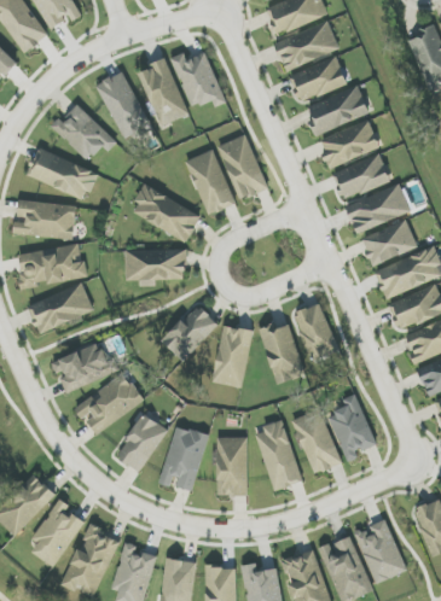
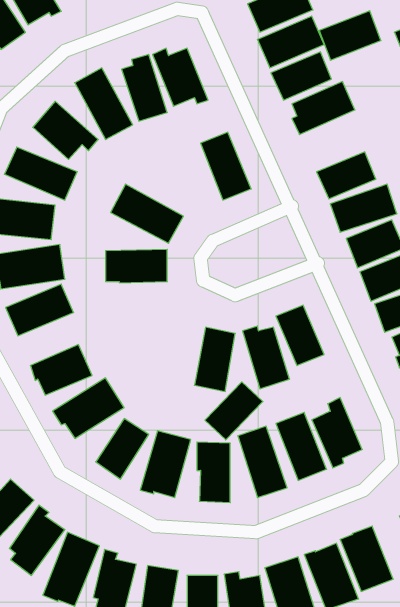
building: [318,119,378,168] -> [319,11,381,60]
building: [184,148,236,216] -> none
building: [161,304,217,361] -> [205,382,263,440]

